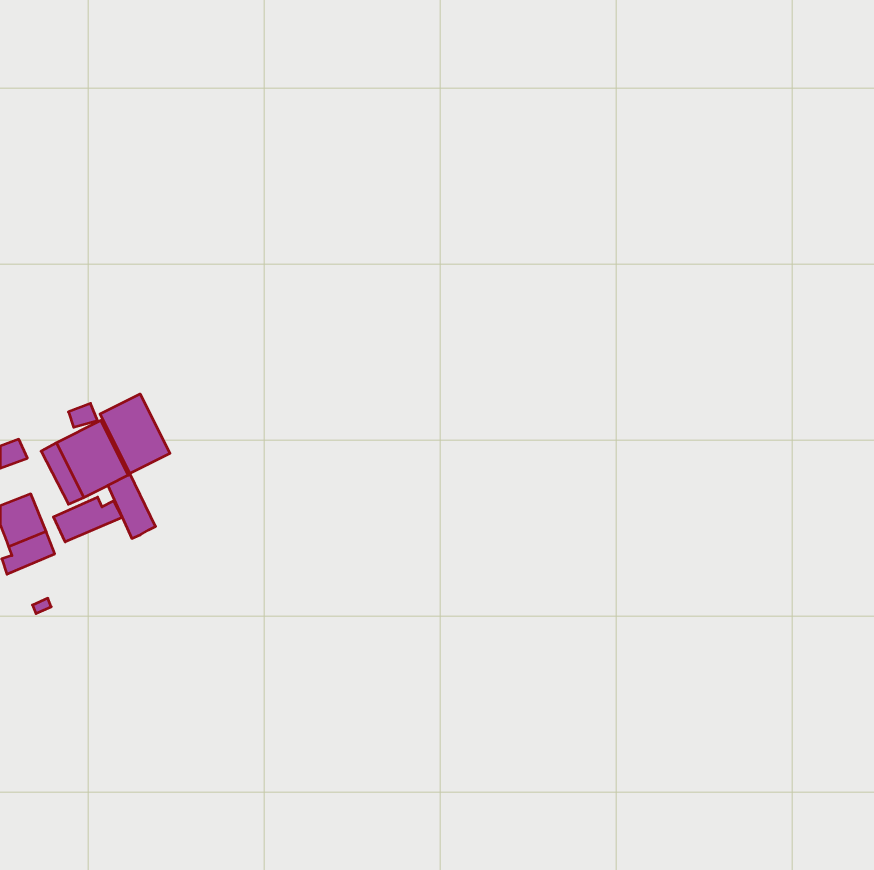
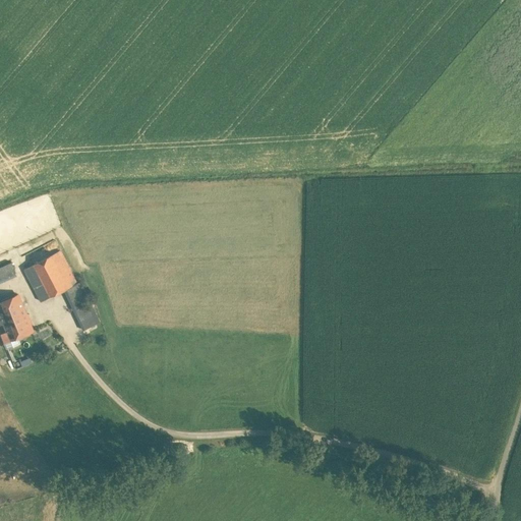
building: [100,394,170,473] -> none
building: [53,497,122,542] -> none

